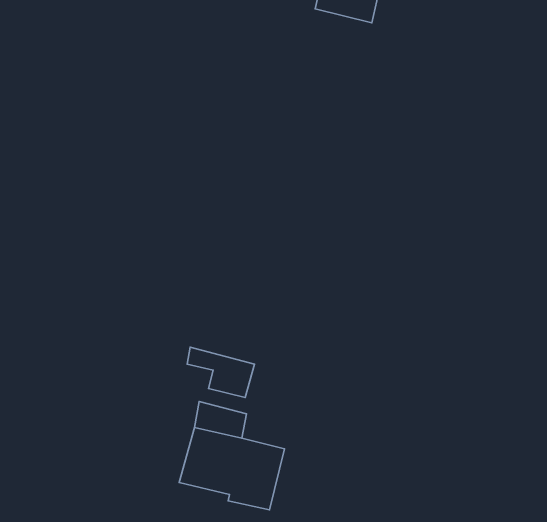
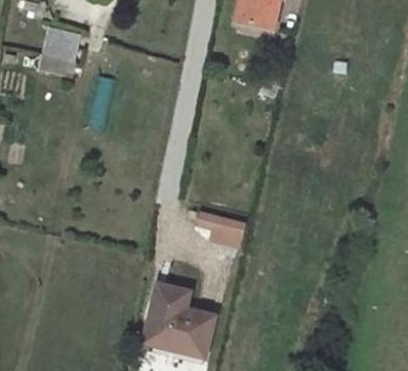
building: none -> [42,28,79,63]
building: [187,347,254,398] -> [197,213,242,247]

